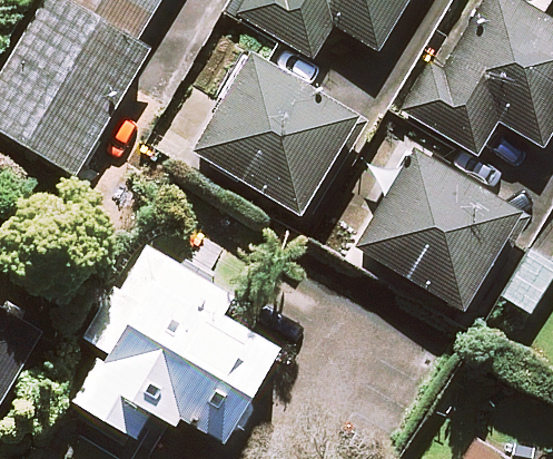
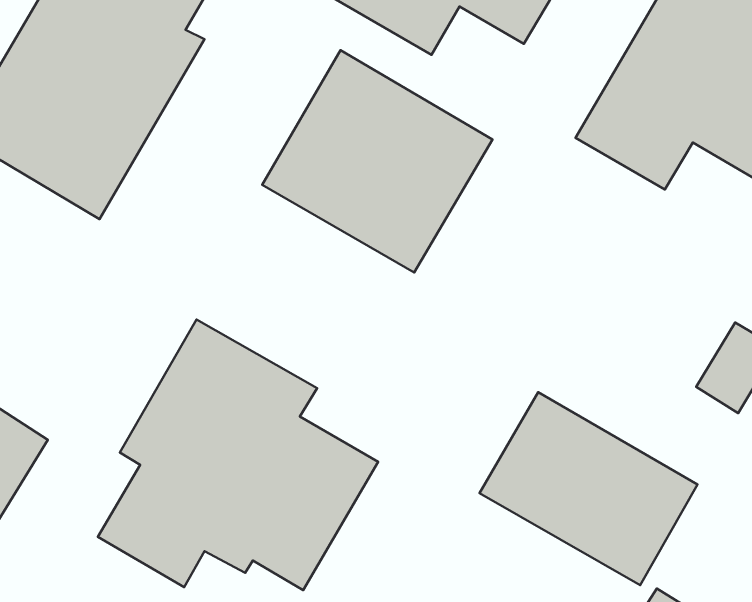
building: [356,148,520,309] -> none
building: none -> [479,392,698,585]

